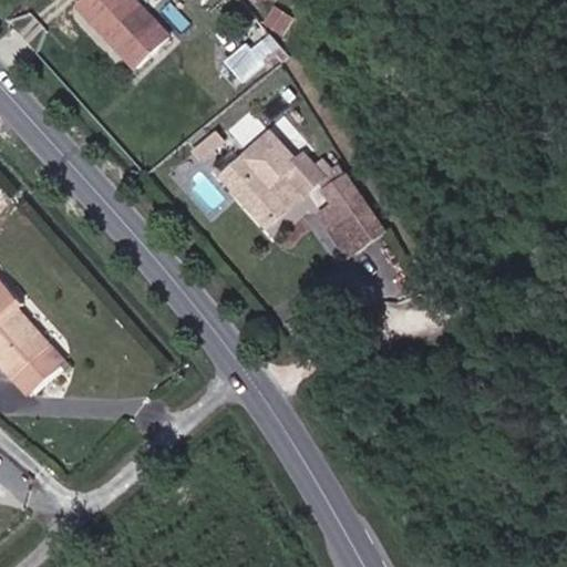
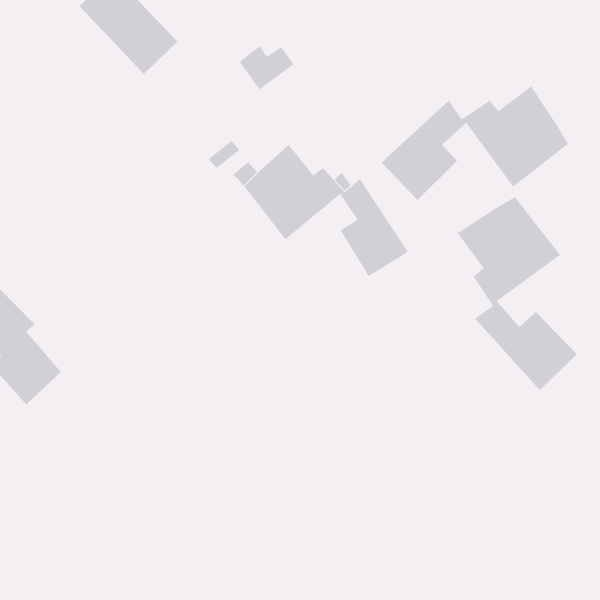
building: none -> [381,86,569,201]
building: none -> [457,196,578,391]

